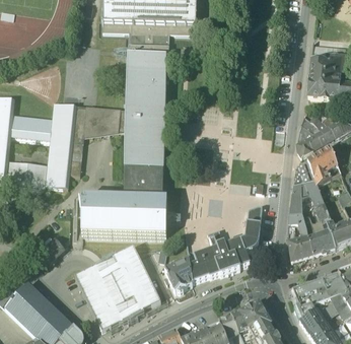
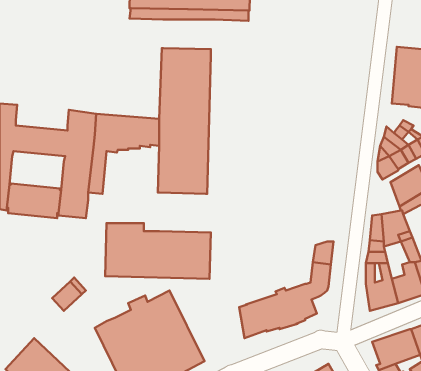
building: [129,31,169,55] -> none
building: [126,167,162,199] -> none
building: [165,255,193,291] -> none

